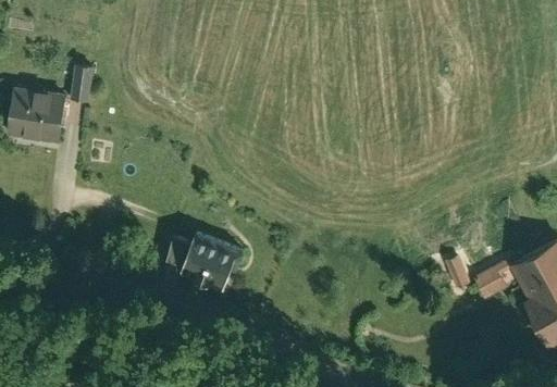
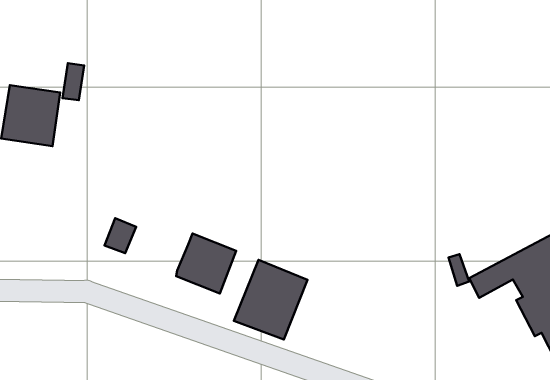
building: [161,236,193,271] -> [104,218,136,253]
building: none -> [234,260,308,340]

